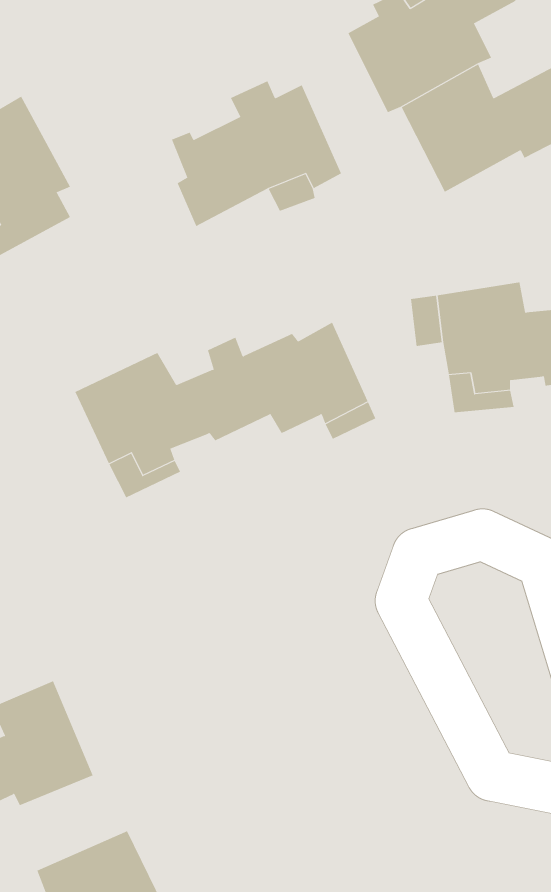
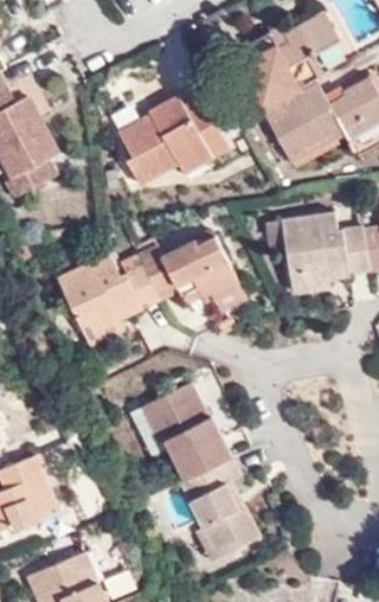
building: none -> [142,380,261,558]

